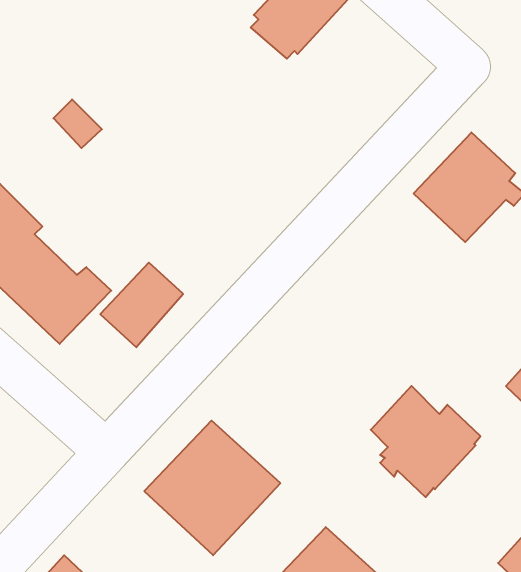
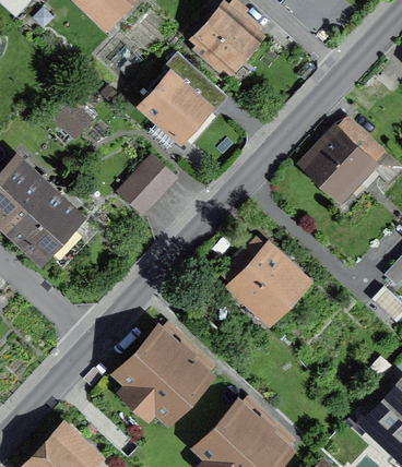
building: none -> [142,55,203,137]
building: [100,263,183,347] -> [116,158,174,217]
building: [371,386,480,497] -> [224,243,300,321]

